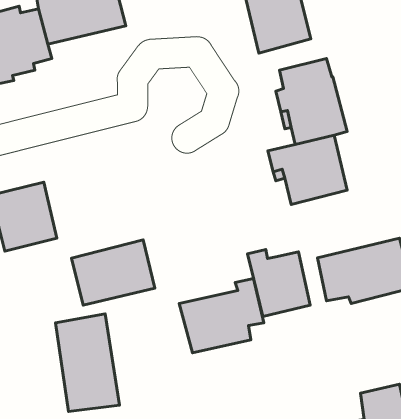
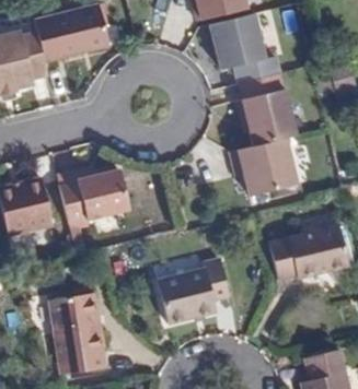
building: [72,240,155,305] -> [59,168,129,223]
building: [248,250,310,317] -> none

